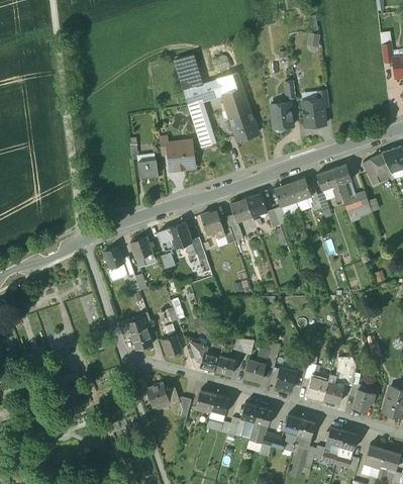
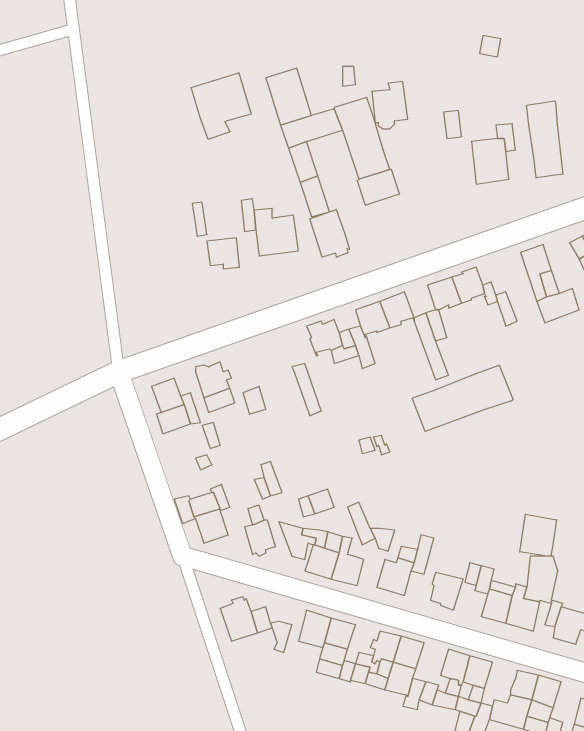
building: none -> [191,73,251,139]
building: none -> [527,101,563,178]
building: [271,102,293,131] -> [372,82,408,129]
building: none -> [310,209,349,257]
building: [316,169,342,201] -> none
building: [159,222,192,251] -> none
building: none -> [412,365,513,432]
building: none -> [520,514,557,556]

